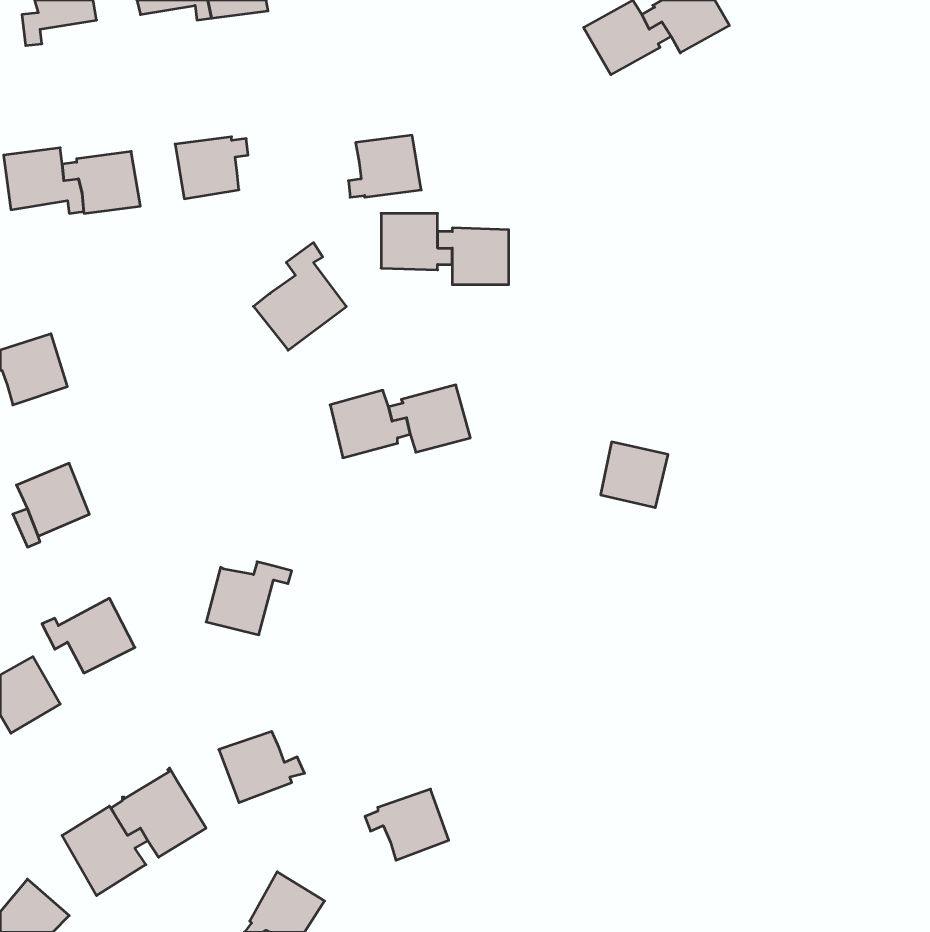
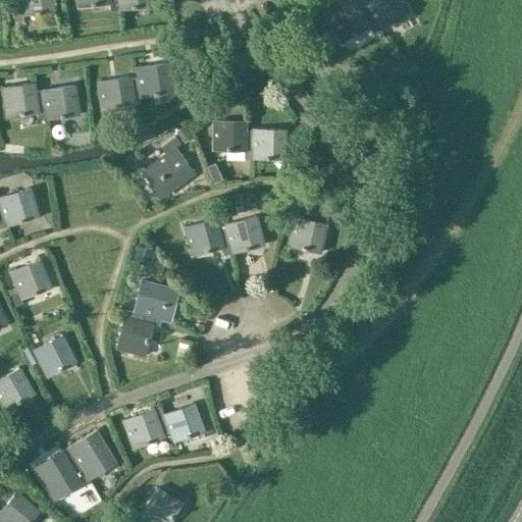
building: [348,135,421,197] -> [133,62,173,97]
building: [601,442,668,508] -> [290,216,327,253]
building: none -> [126,280,171,321]
building: [365,789,449,860] -> [157,403,204,442]

